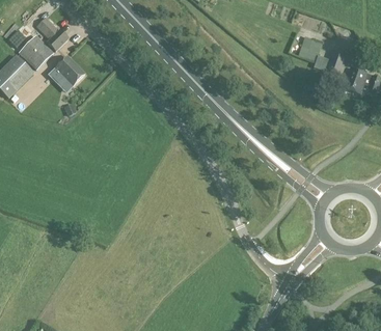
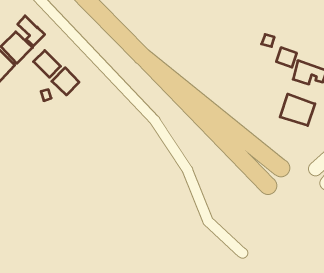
building: none -> [52,68,79,95]
building: none -> [280,94,315,126]

